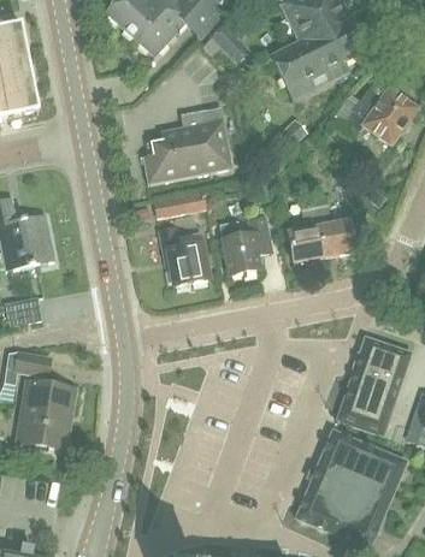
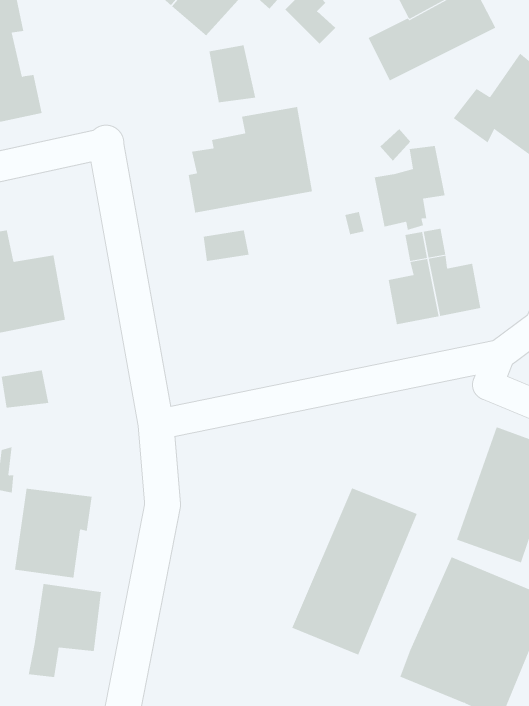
building: none -> [209,44,256,103]
building: [222,217,273,278] -> [374,145,446,231]
building: [158,226,209,290] -> none
building: [13,350,52,377] -> none
building: none -> [291,488,418,656]
building: none -> [28,583,102,678]

